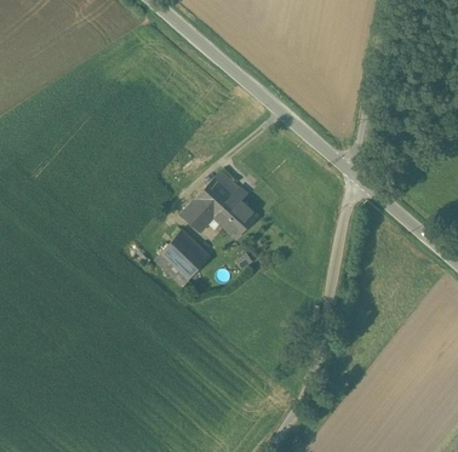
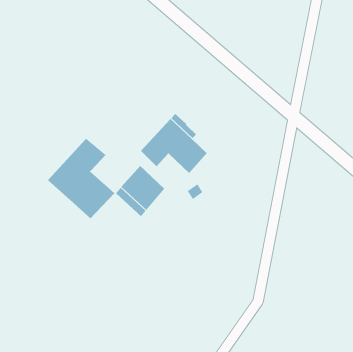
building: none -> [47,138,115,219]

